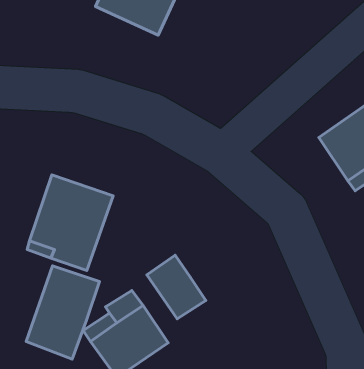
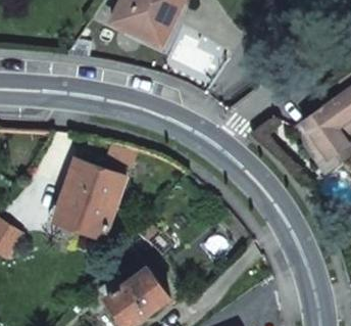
building: [147,255,206,319] -> none
building: [26,266,100,359] -> none

